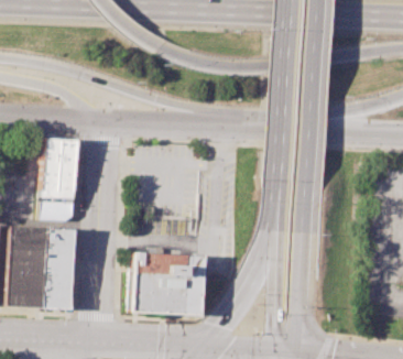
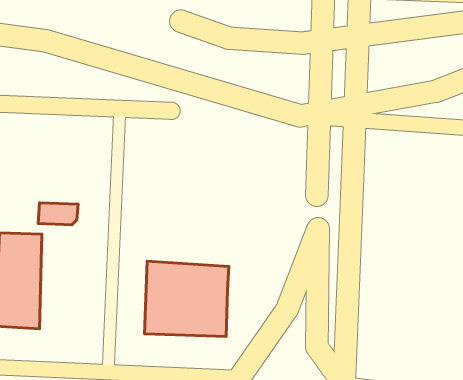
building: [43,138,77,198] -> none
building: [42,228,73,308] -> none

